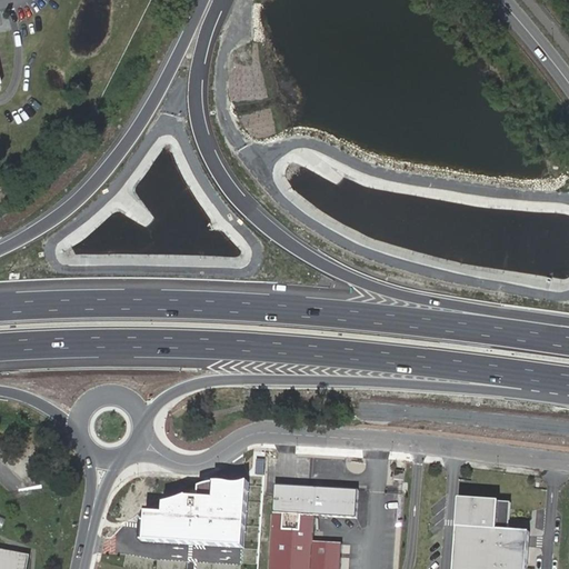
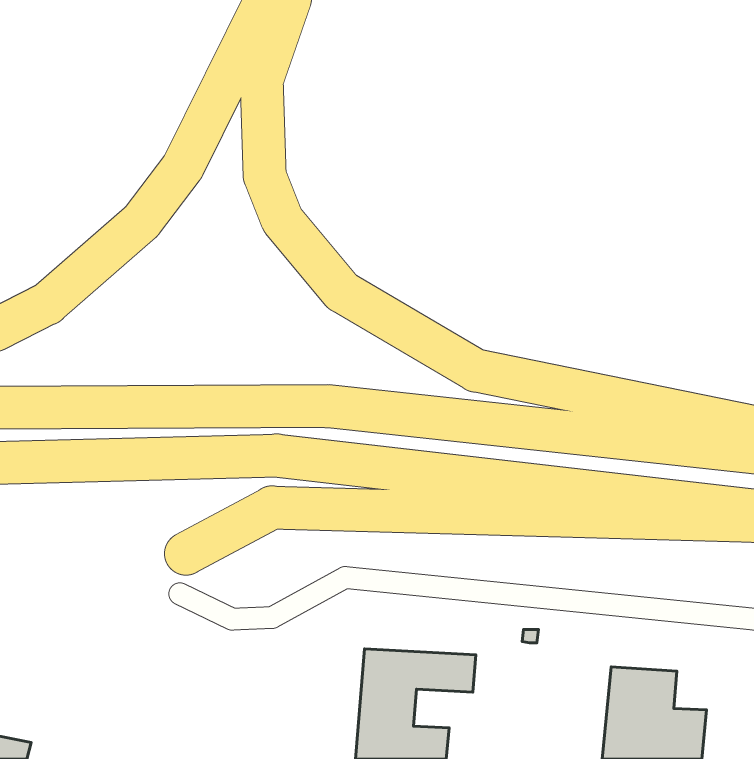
building: [141,482,246,548] -> none

